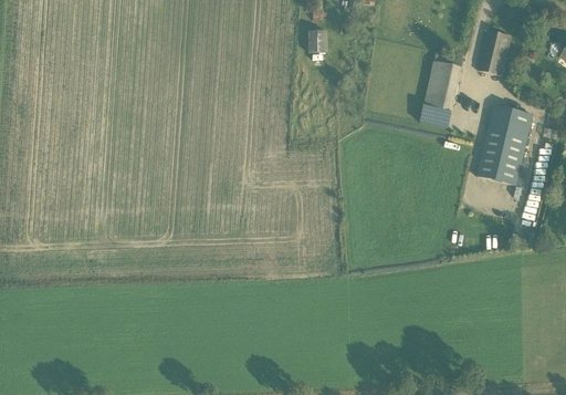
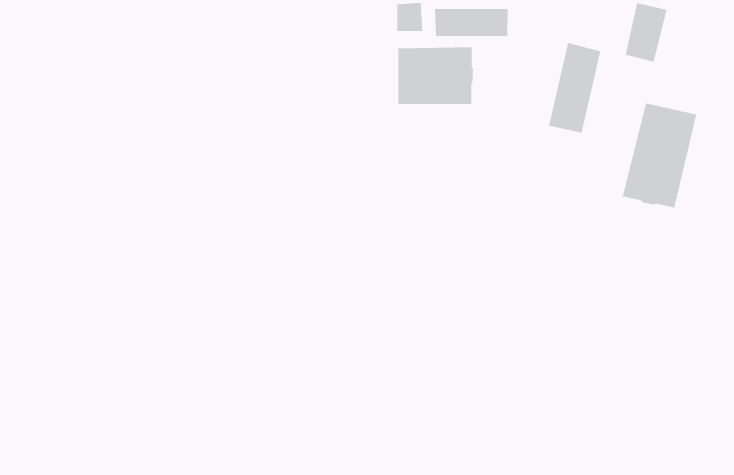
building: none -> [434,8,509,37]
building: none -> [397,46,474,105]

